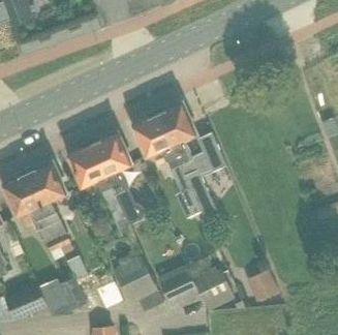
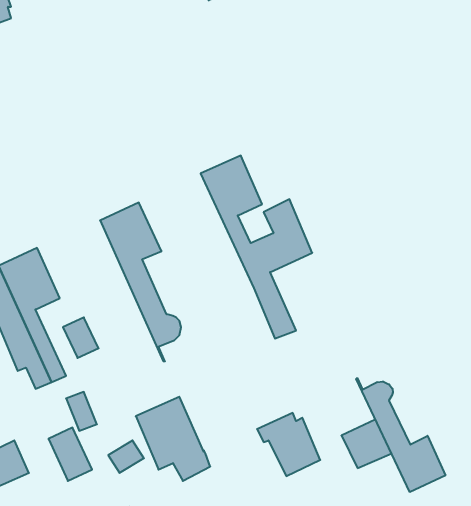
building: [131,113,190,190] -> none
building: [66,143,132,237] -> none
building: none -> [356,378,445,492]
building: [156,264,196,299] -> none

